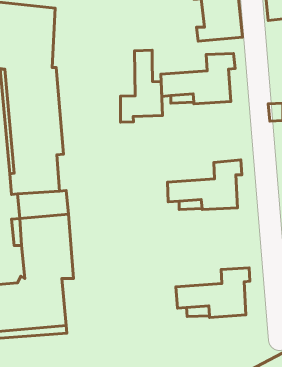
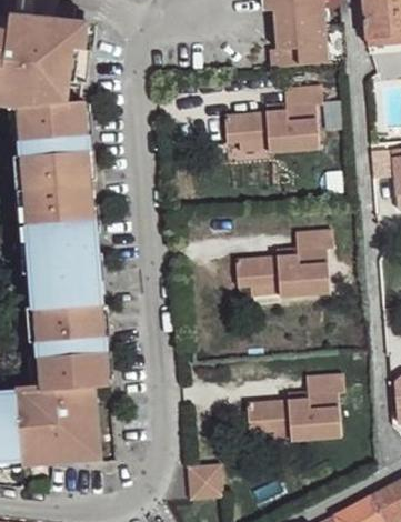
building: [120,50,162,122] -> none
building: none -> [187,464,221,500]

